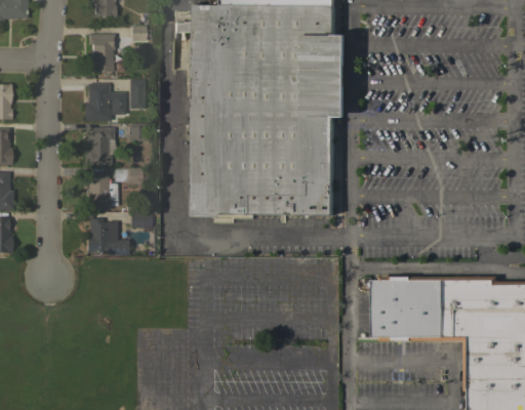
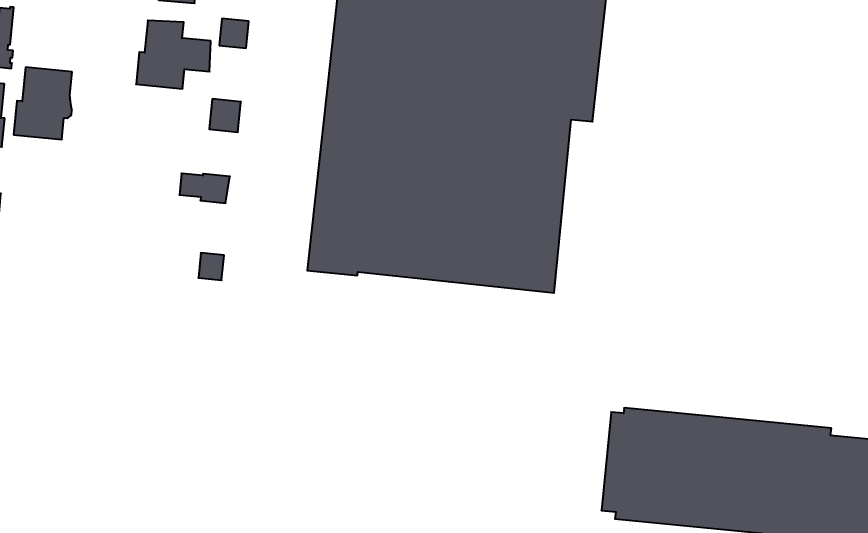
building: [83,126,115,165] -> [14,67,72,139]
building: [84,173,117,208] -> none
building: [85,217,127,253] -> none

